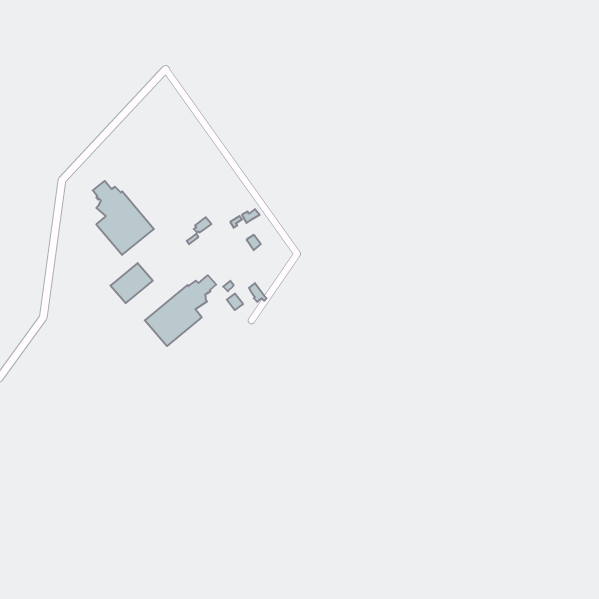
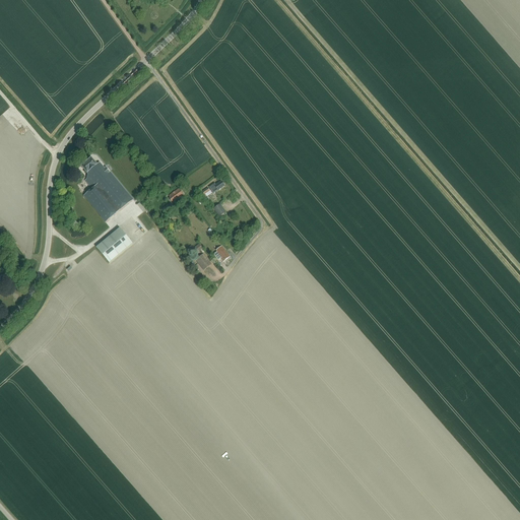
building: [145,275,216,346] -> none

